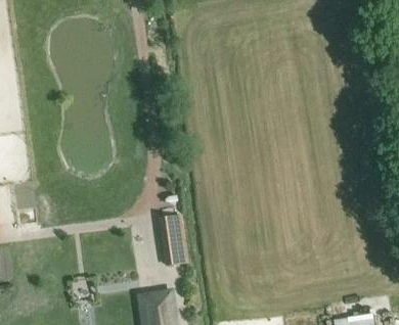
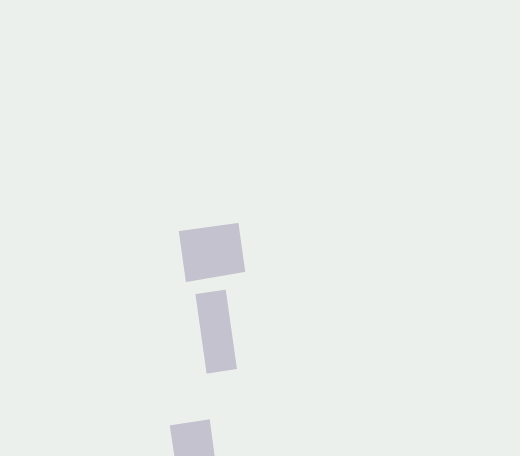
building: none -> [178,222,246,283]

